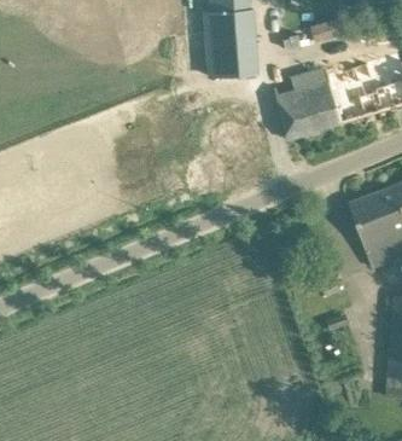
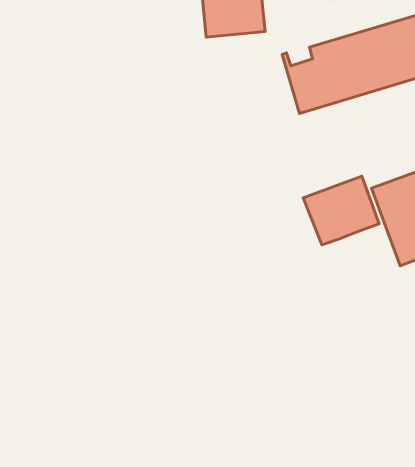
building: none -> [303,176,379,245]

